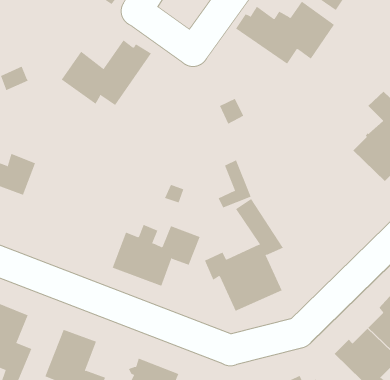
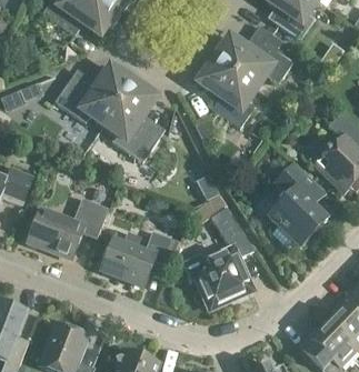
building: none -> [198,54,257,127]
building: none -> [103,77,160,161]
building: none -> [268,162,327,247]
building: none -> [28,195,108,257]

